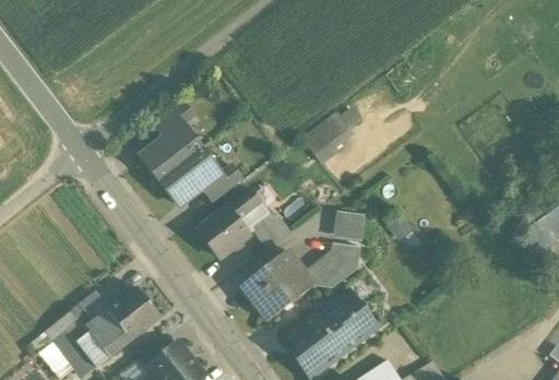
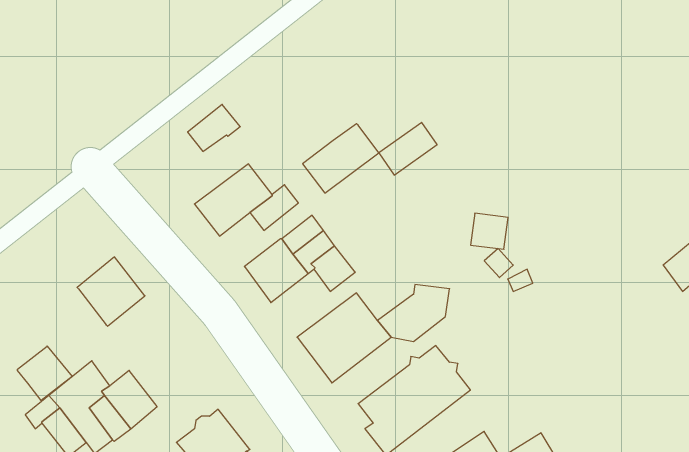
building: [142,126,202,180] -> [303,124,379,193]
building: [335,212,365,240] -> [471,213,508,249]
building: [107,286,160,341] -> [77,257,145,326]
building: none -> [17,346,72,401]

